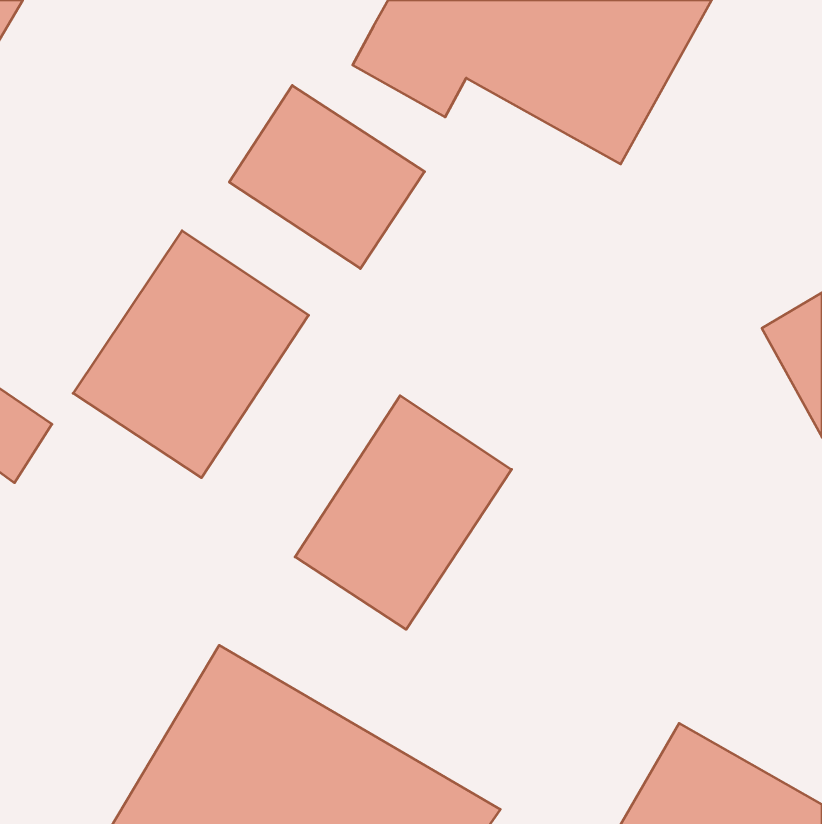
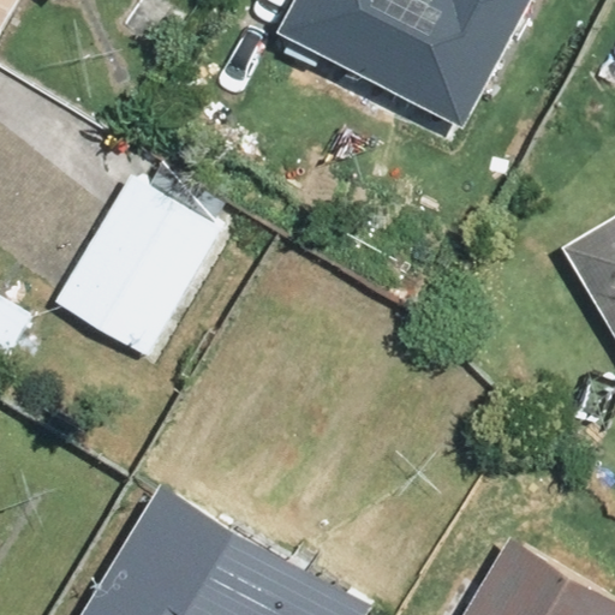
building: [229,85,425,269] -> none
building: [295,396,512,629] -> none

